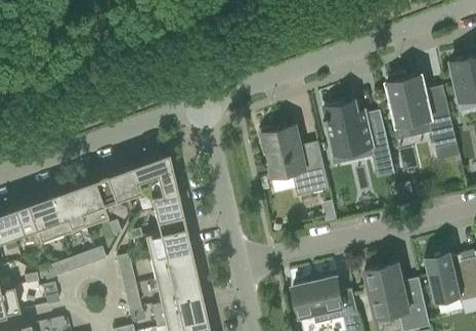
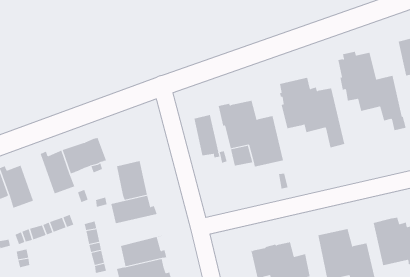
building: none -> [194,114,220,161]
building: [132,153,177,197] -> none
building: [48,183,85,234] -> none
building: [150,248,201,282] -> none

